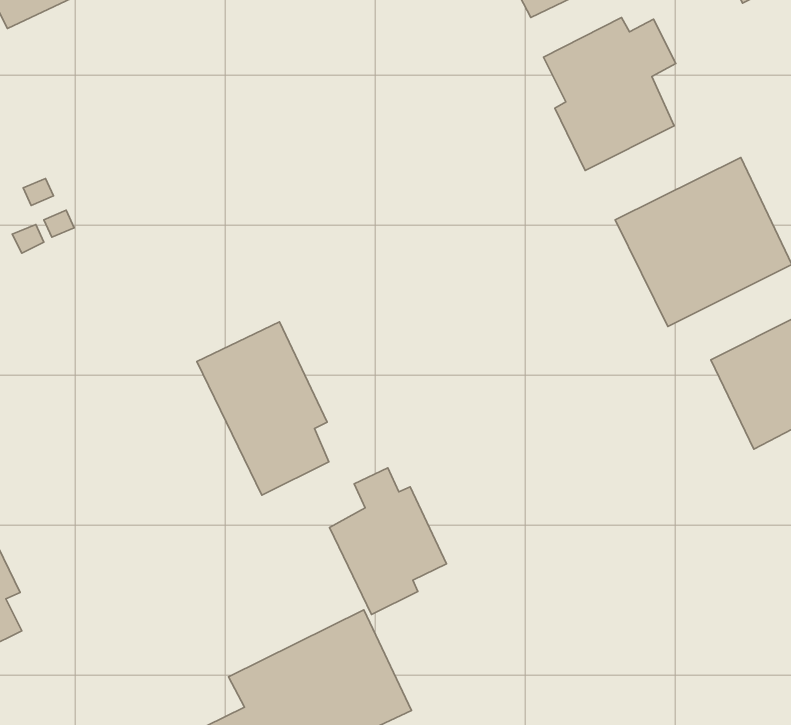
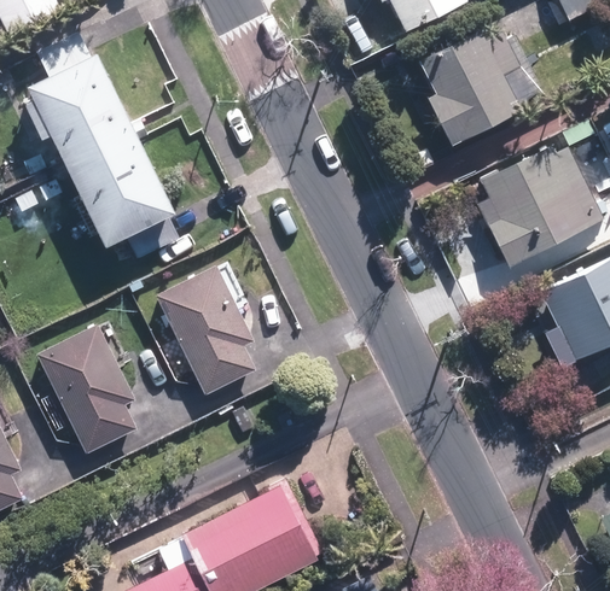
building: none -> [23,34,179,258]
building: none -> [35,323,135,454]
building: [329,468,447,615] -> none

